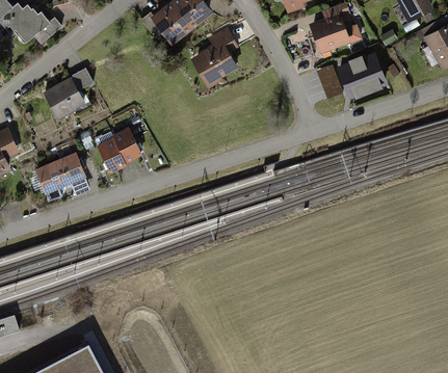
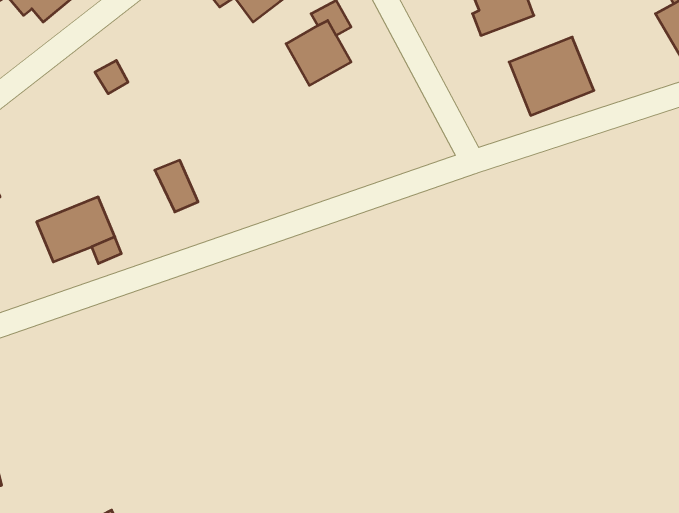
building: [316,65,342,100] -> none
building: [44,78,84,117] -> none
building: [98,138,126,172] -> none

